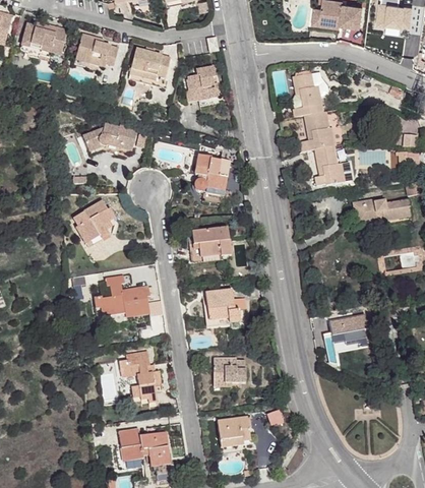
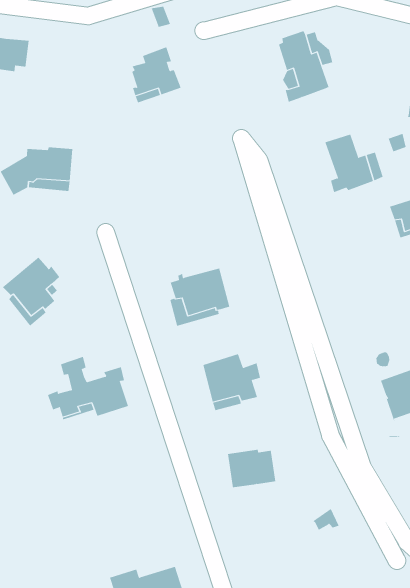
building: [129,49,171,80] -> none
building: [300,112,333,151] -> none
building: [194,154,227,192] -> none
building: [118,352,162,404] -> none
building: [219,417,250,443] -> none

